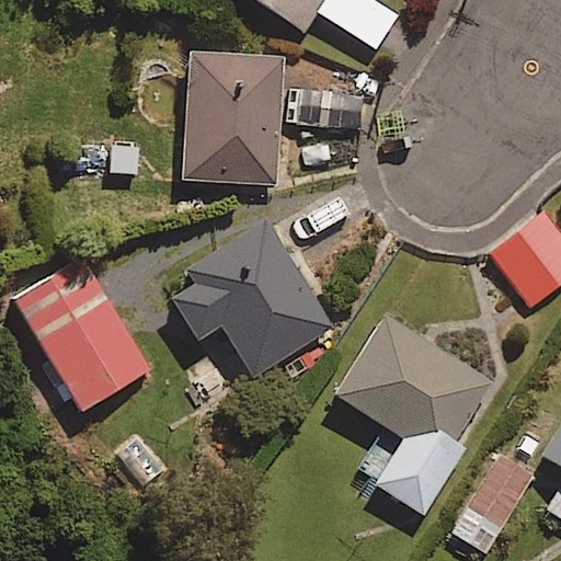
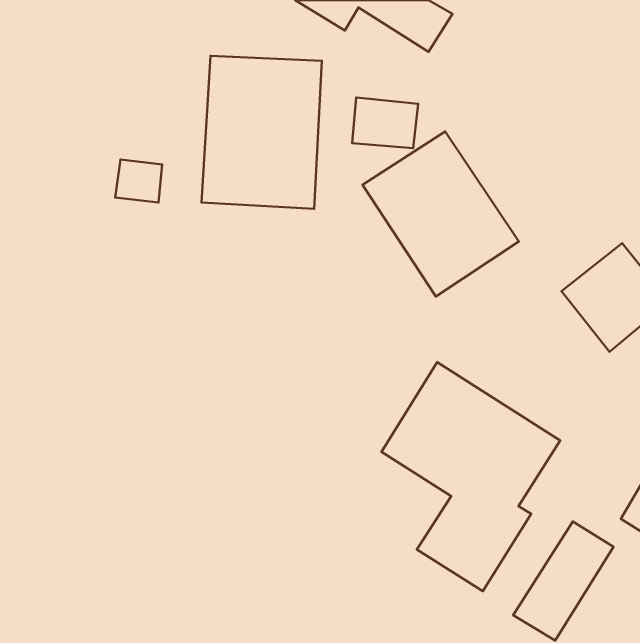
building: none -> [363,131,519,296]
building: [167,218,335,378] -> none
building: [14,256,149,410] -> none

